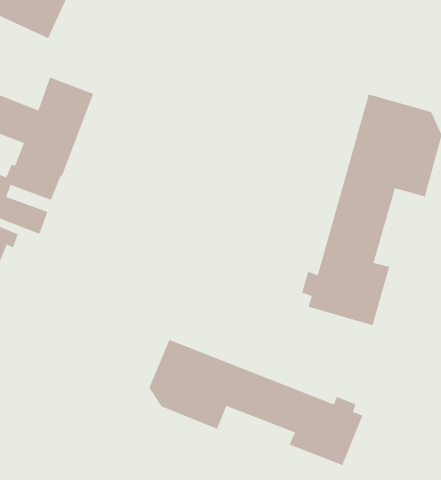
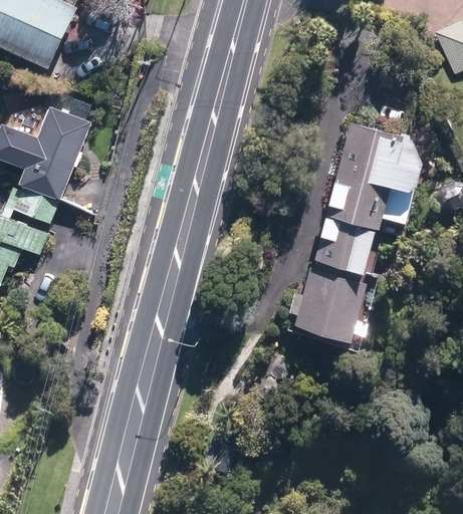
building: [149,339,363,466] -> none

